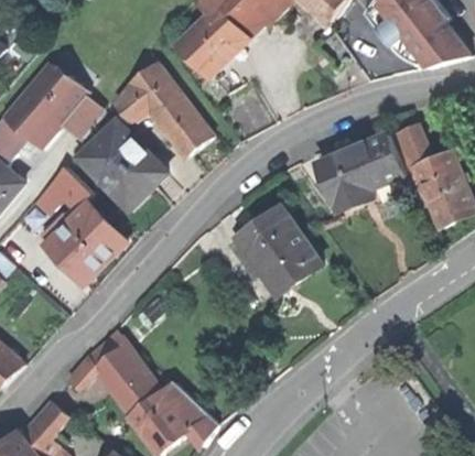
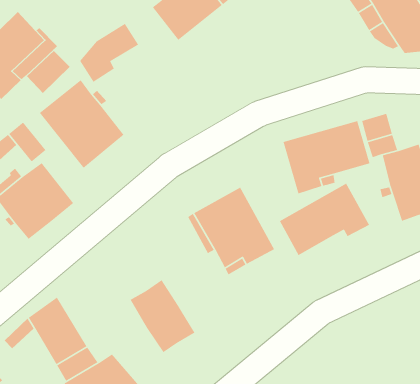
building: [145,83,212,155] -> none
building: none -> [279,183,370,256]
building: none -> [130,279,196,353]

